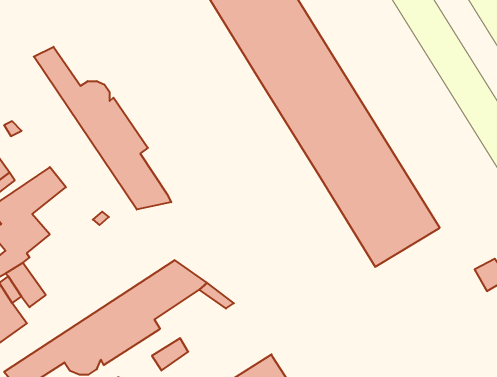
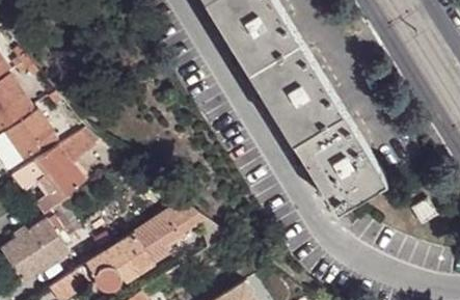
building: [34,47,171,210] -> none

